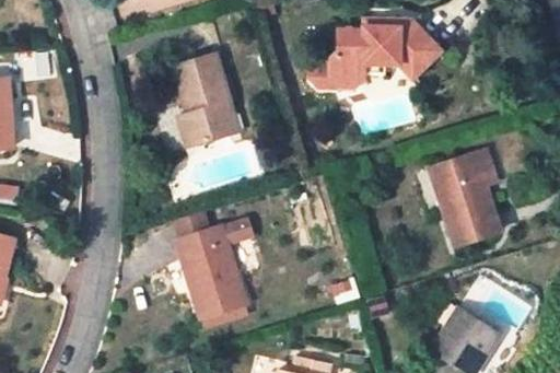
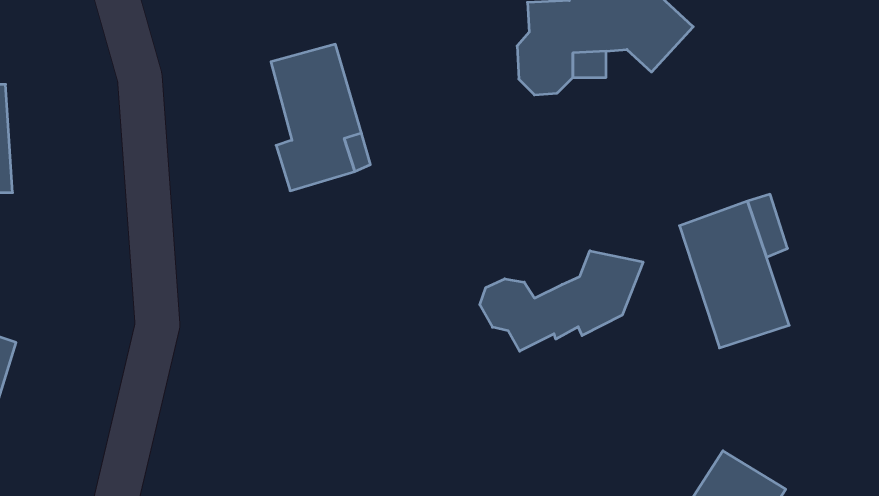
building: none -> [480,251,643,351]
building: [176,226,244,317] -> none

